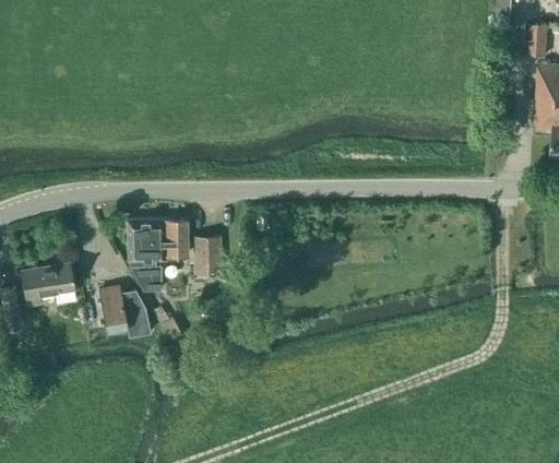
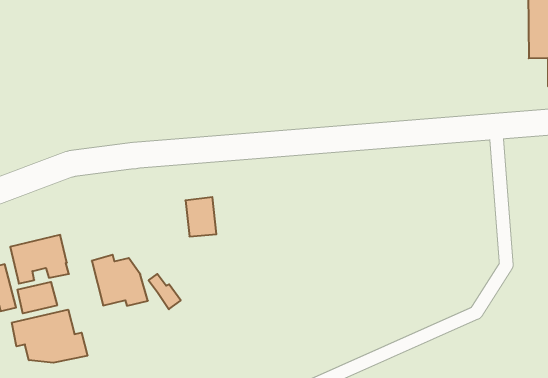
building: [127,218,187,290] -> none
building: none -> [17,282,57,313]
building: none -> [12,310,87,363]

